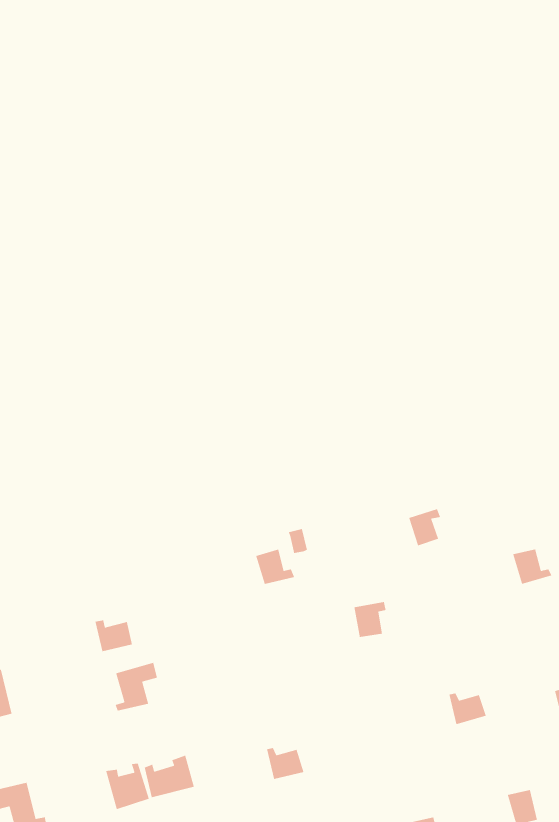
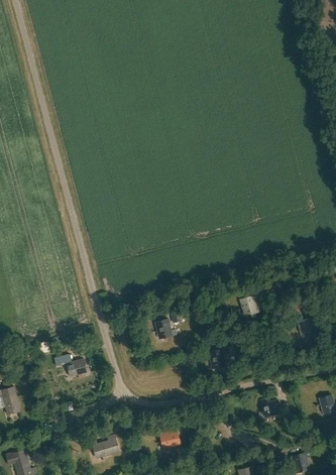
building: [115,662,158,712] -> none
building: [105,763,150,810] -> none

